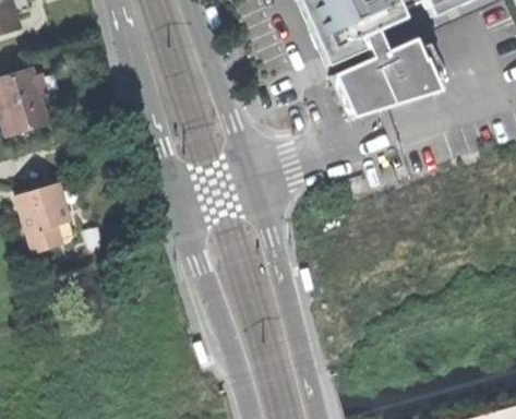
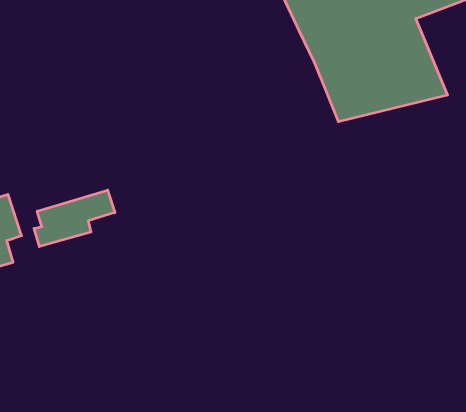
building: none -> [34,190,115,247]

